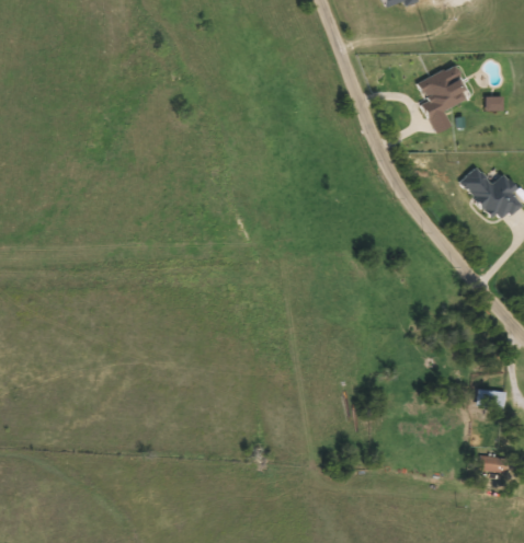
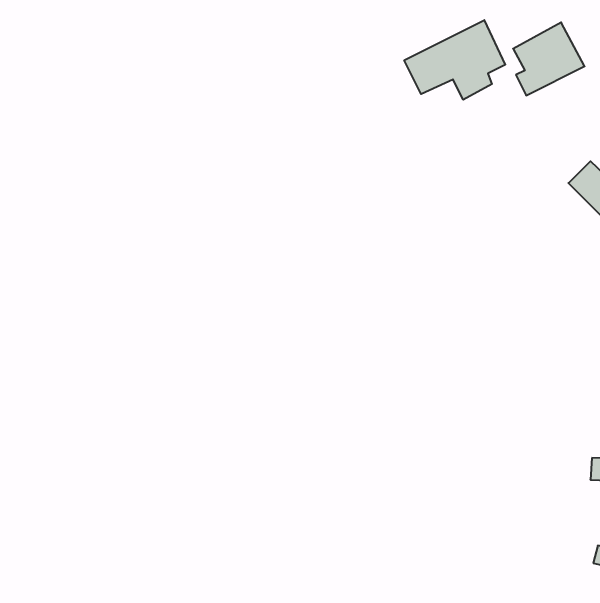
building: none -> [404,20,505,100]

